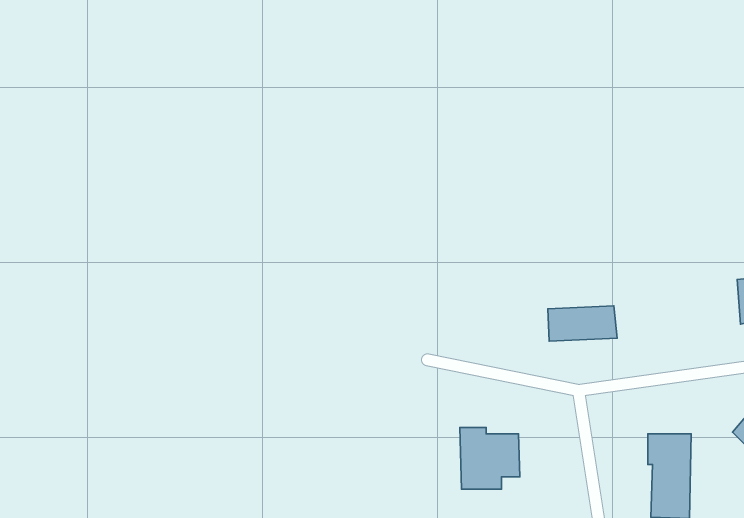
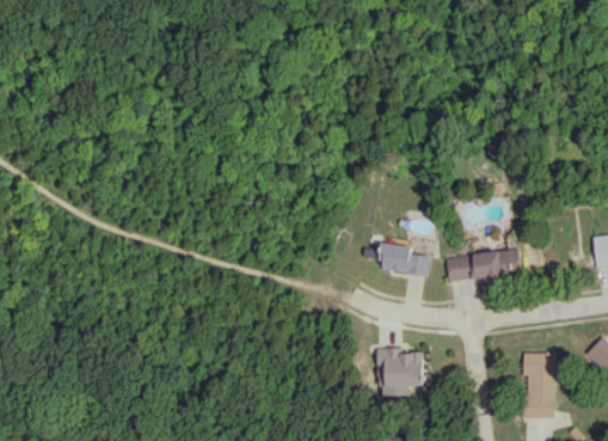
building: none -> [379,243,429,276]
building: none -> [499,249,524,272]

